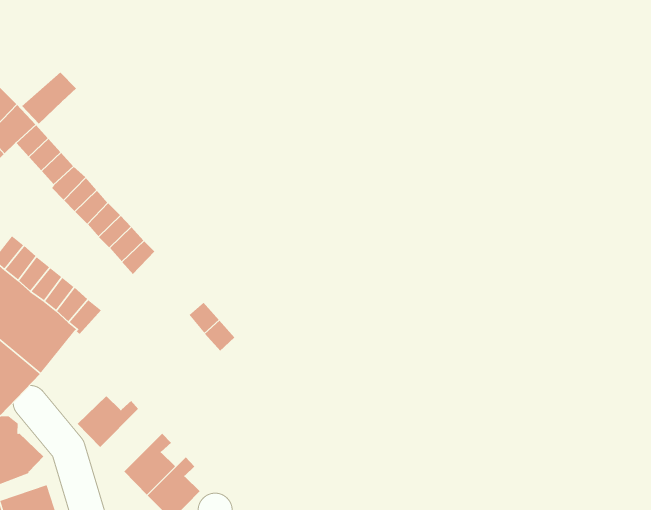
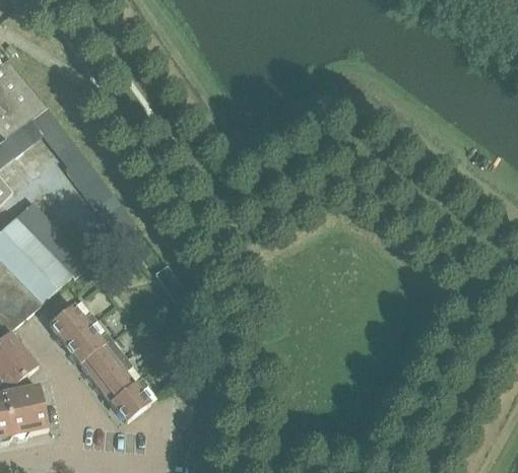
building: [21,72,77,124] -> none
building: none -> [48,305,94,343]
building: none -> [78,337,125,382]

